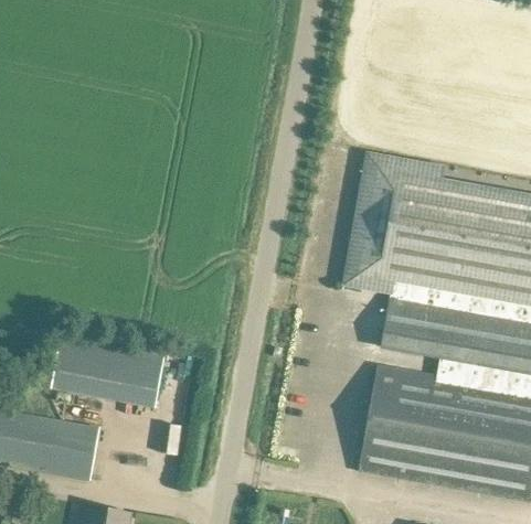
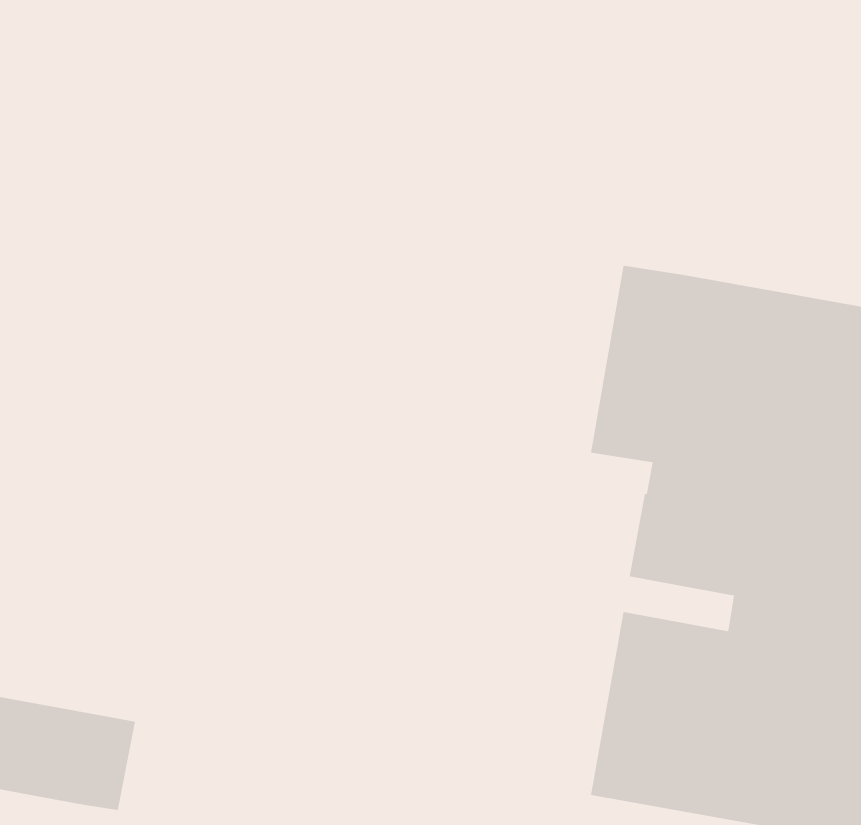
building: [50,330,164,406] -> none

